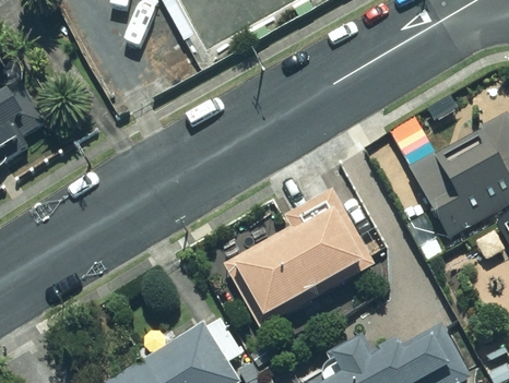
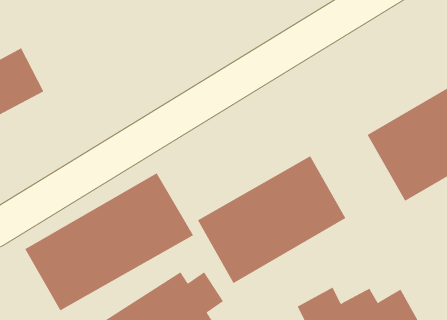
building: none -> [24,173,194,311]

